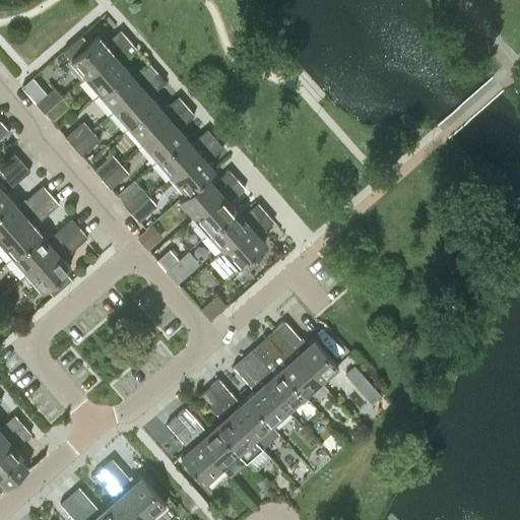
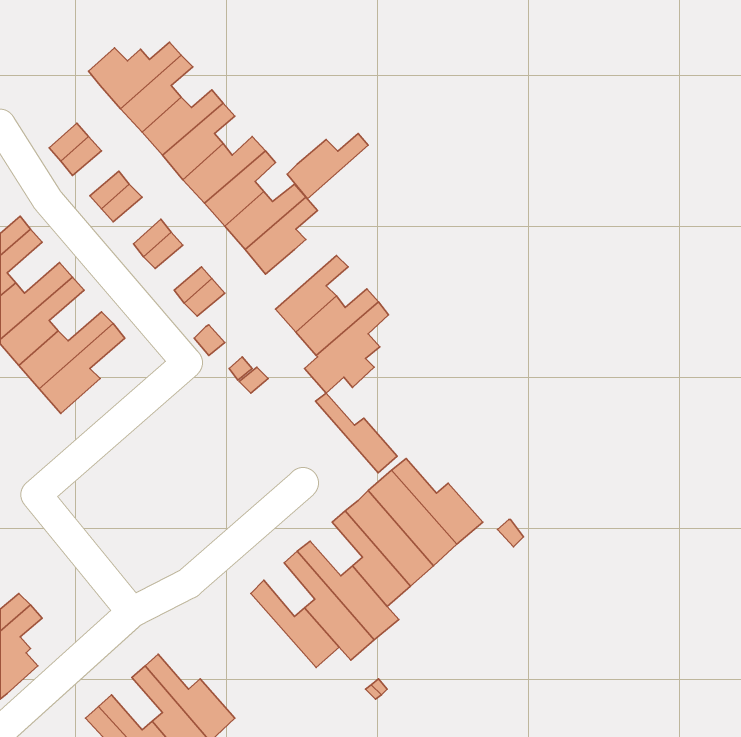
building: [179,174,236,219] -> [287,134,368,199]
building: none -> [316,393,397,473]
building: [167,418,221,485] -> none

